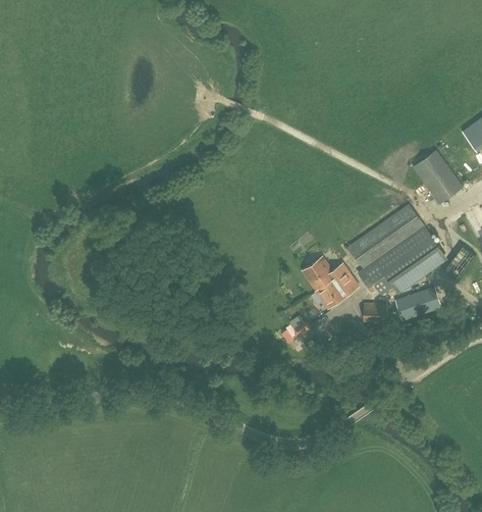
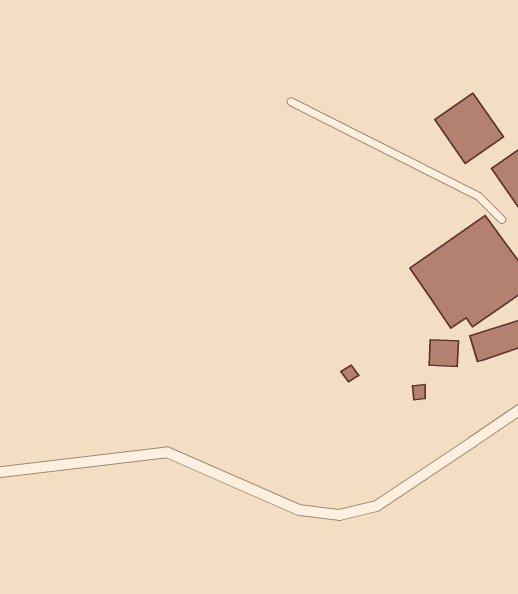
building: none -> [435,93,503,163]
building: [302,255,358,306] -> none

